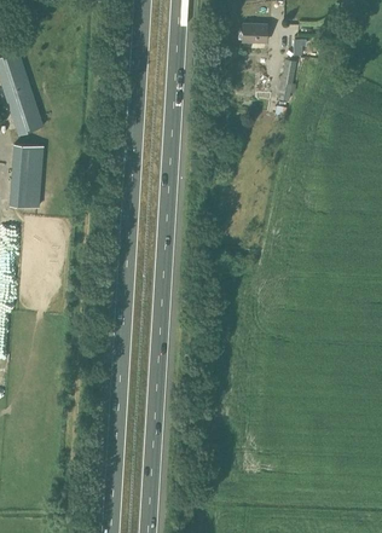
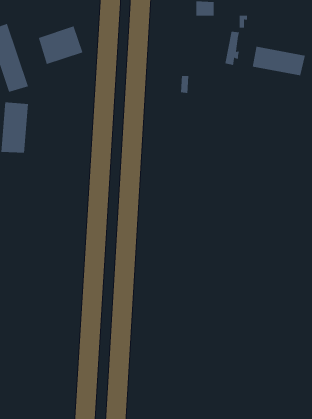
building: none -> [38,25,83,65]
building: none -> [252,46,305,76]

